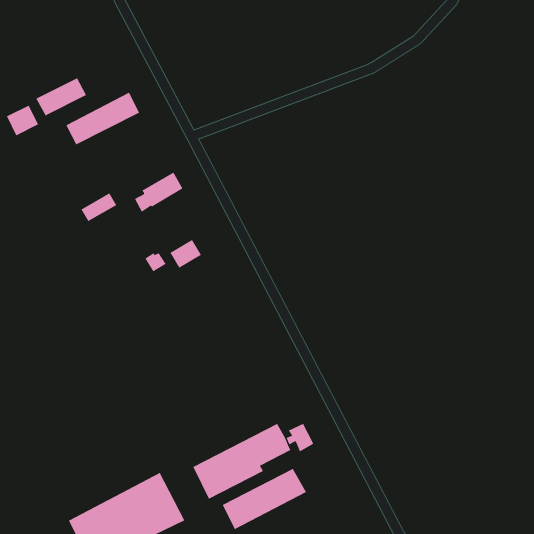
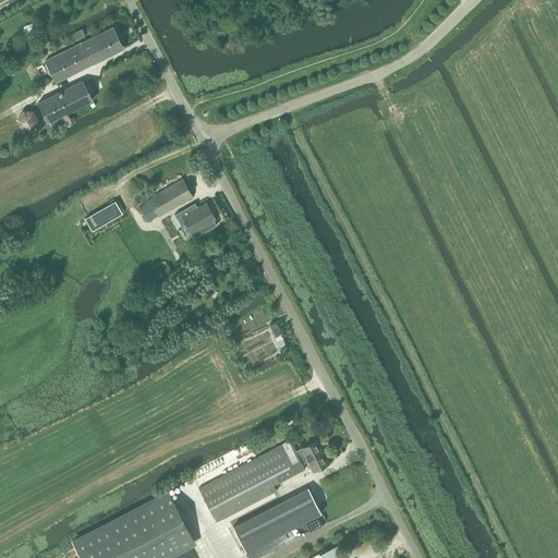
building: [65,92,140,145] -> [45,27,122,83]
building: [170,239,202,268] -> [181,204,215,234]

